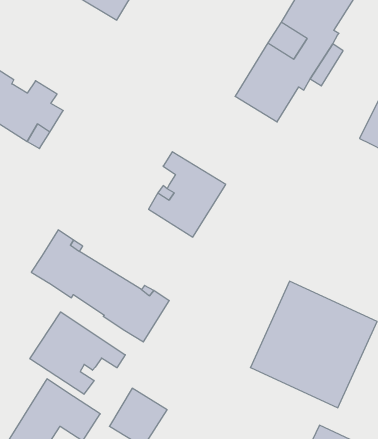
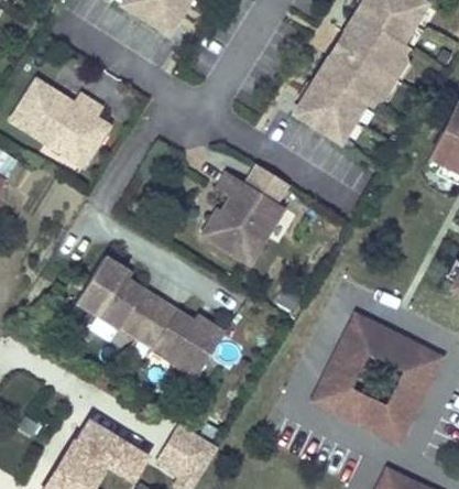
building: [30,312,125,394] -> none

